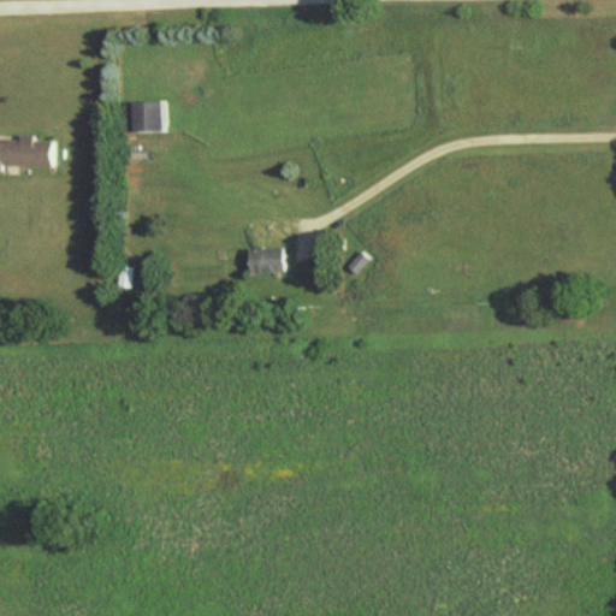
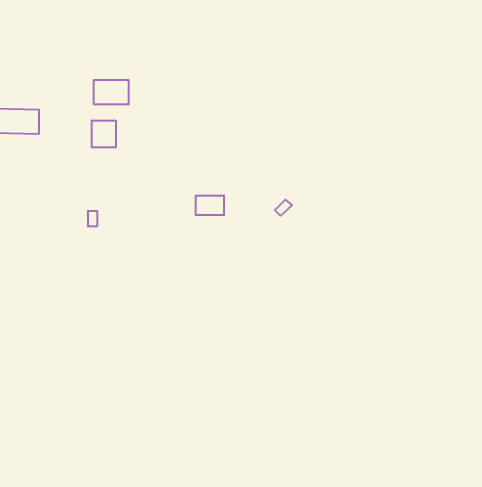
building: none -> [92,120,116,147]

